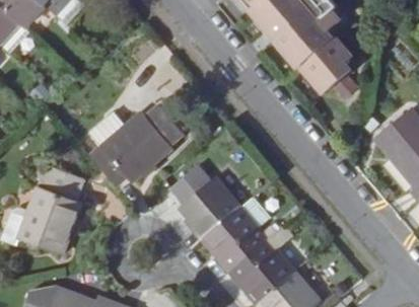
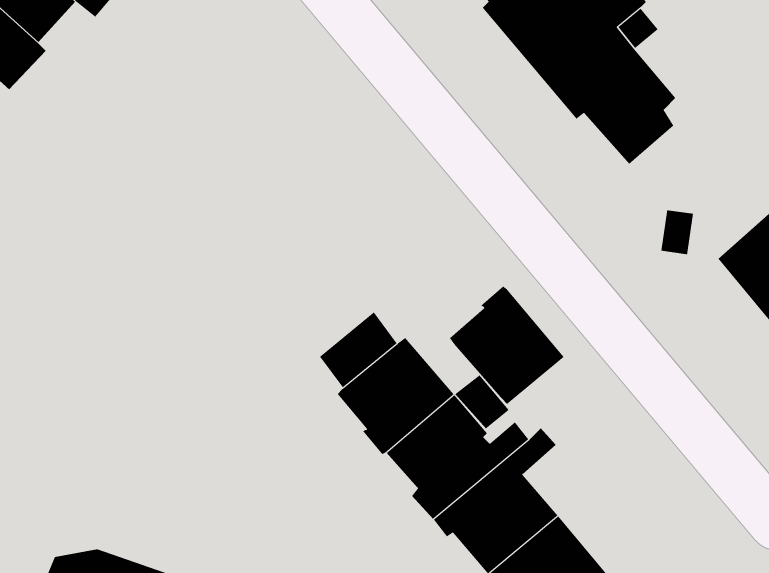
building: [92,105,183,189] -> none
building: none -> [449,286,565,405]
building: [16,163,81,256] -> none

